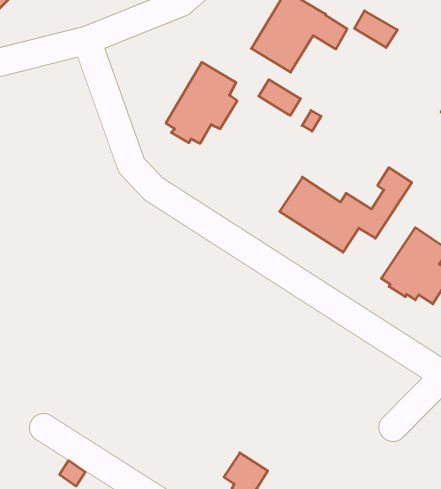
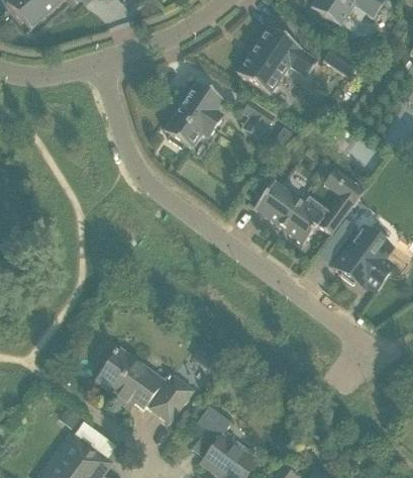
building: none -> [97,348,194,421]

